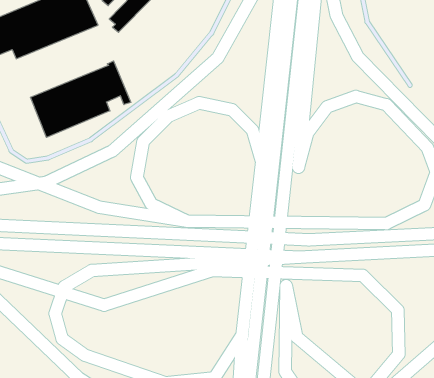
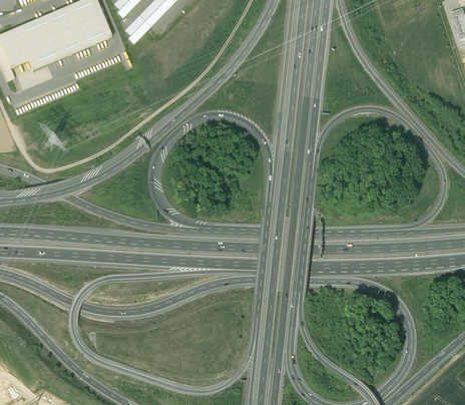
building: [31,61,131,137] -> none

